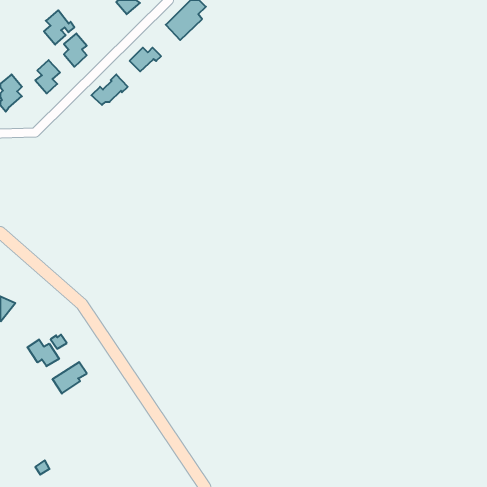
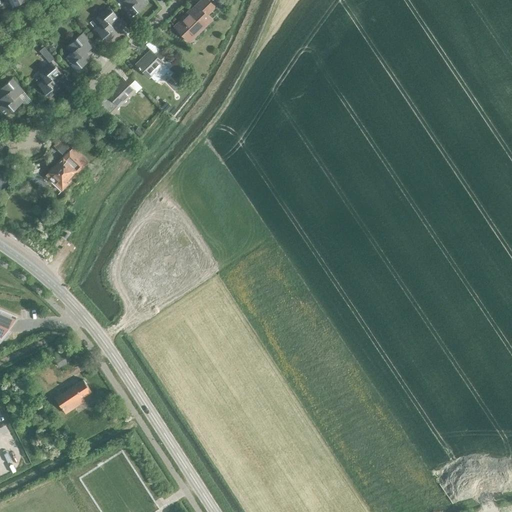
building: [44,10,74,45] -> [94,6,126,42]
building: none -> [46,150,86,190]
building: [27,339,59,366] -> none

